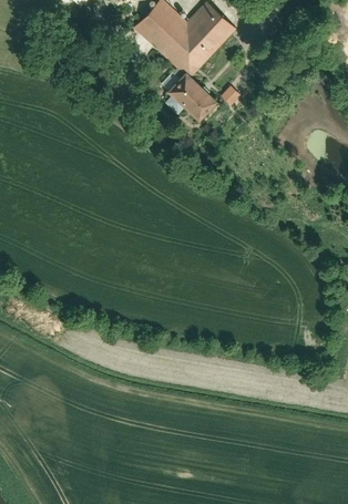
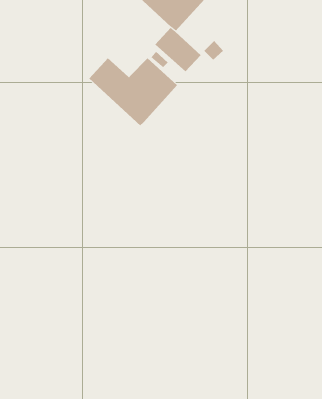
building: none -> [89,57,178,126]

